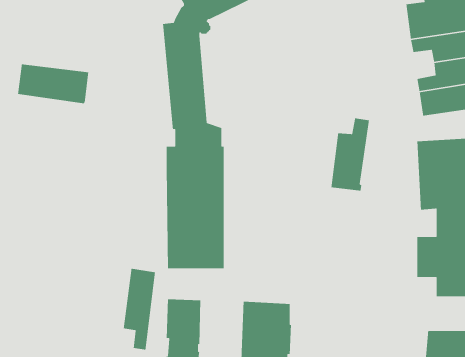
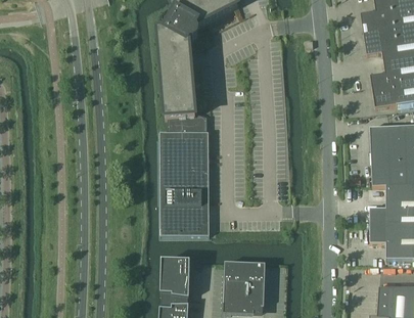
building: [17,64,89,104] -> none
building: [331,118,370,191] -> none
building: [123,268,156,350] -> none

